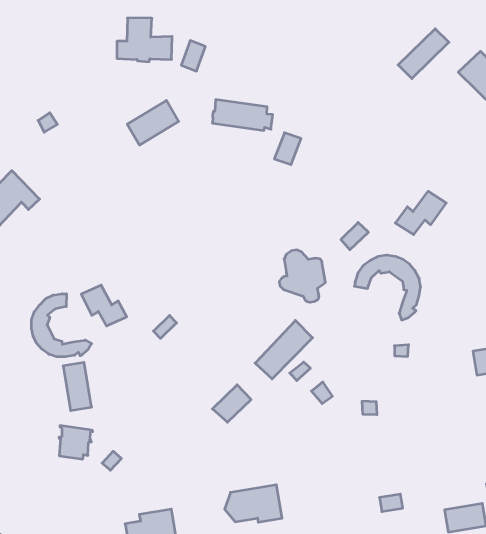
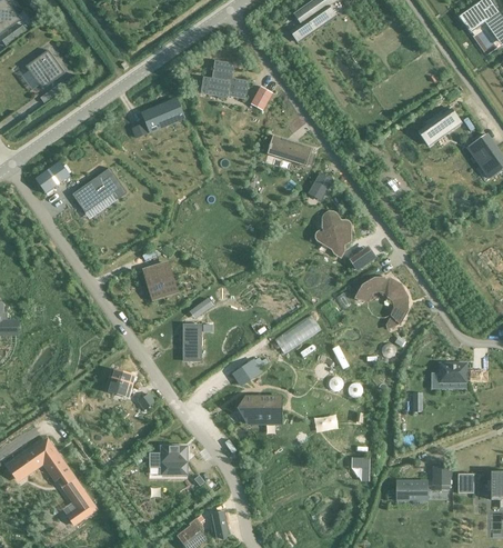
building: [127,100,179,145] -> [143,100,183,131]
building: [395,191,446,235] -> none
building: [279,250,325,302] -> [315,212,351,255]
building: [31,294,92,357] -> none
building: [63,362,92,411] -> [184,325,201,360]
building: [225,485,282,522] -> [239,397,282,424]

